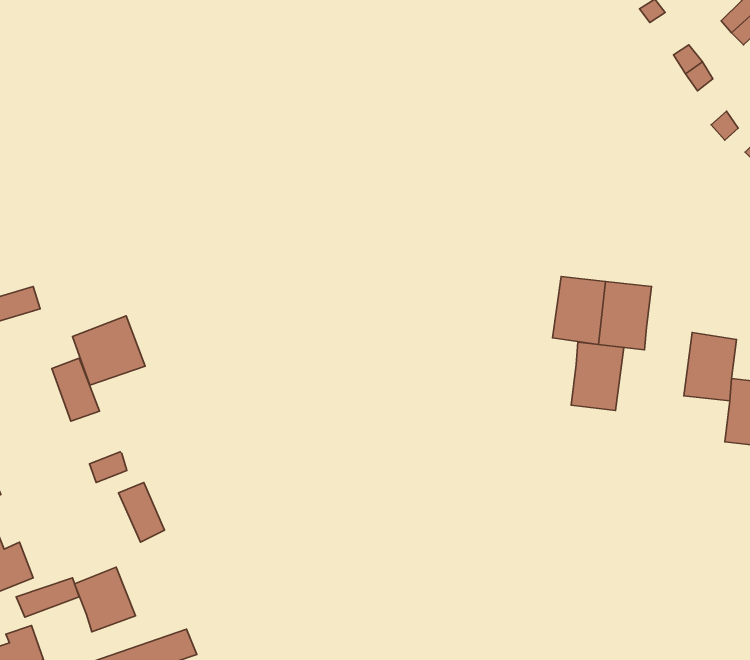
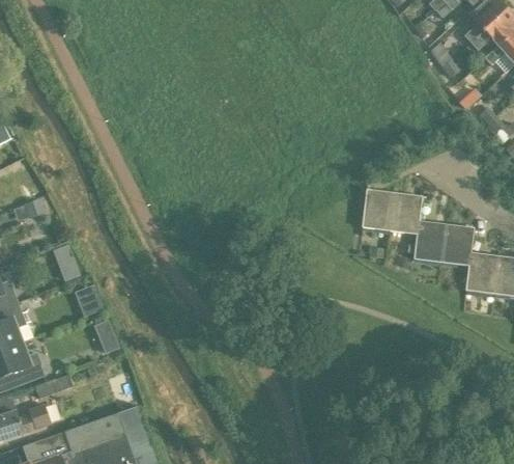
building: [72,316,145,385] -> none
building: [571,342,624,410] -> [413,221,446,263]
building: [75,567,135,632] -> none

